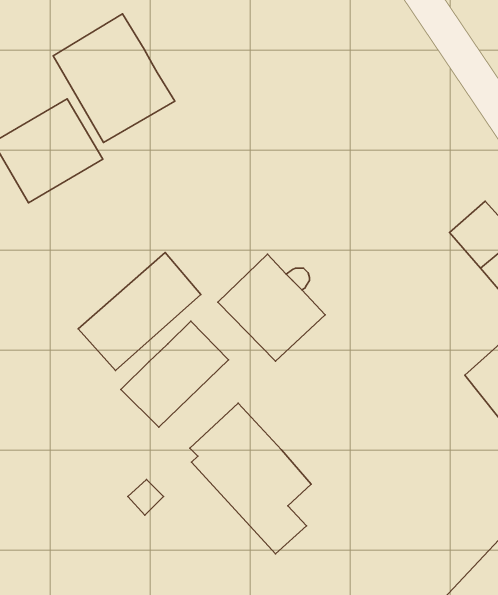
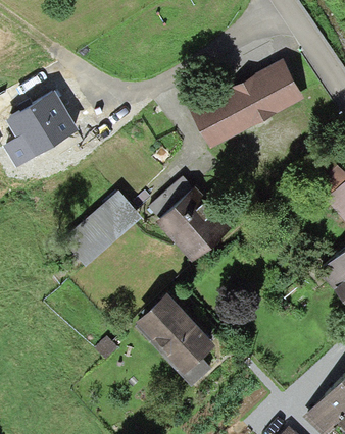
building: [53,14,175,143] -> none
building: none -> [191,59,305,149]
building: [121,321,228,427] -> none

